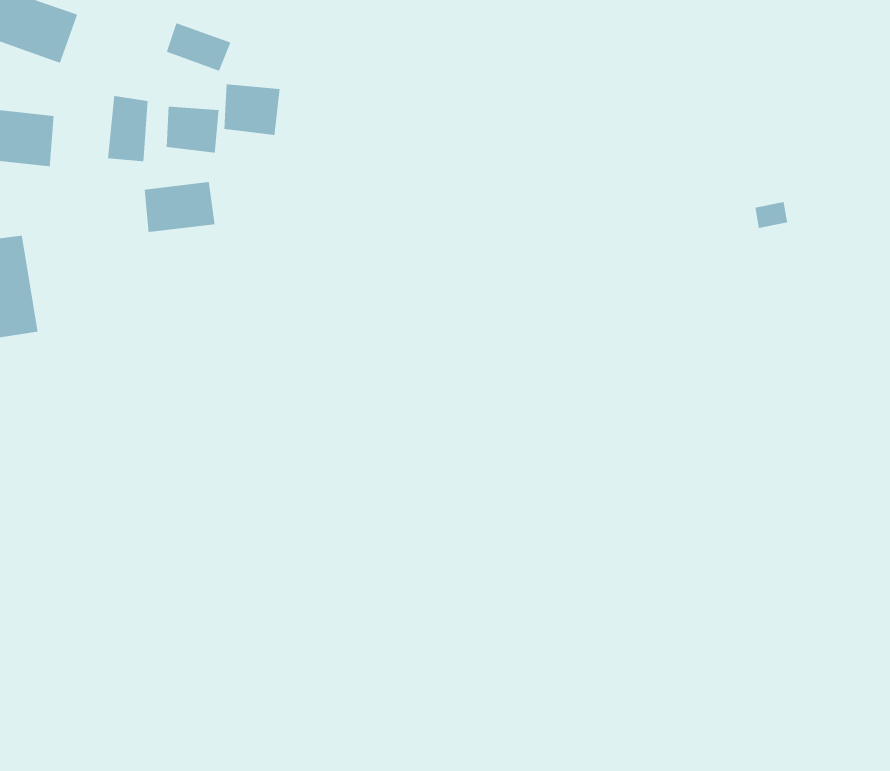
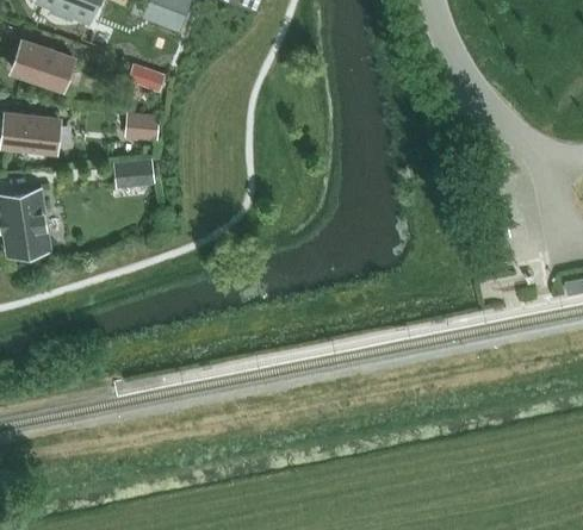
building: [224,83,280,136] -> none
building: [107,95,149,162] -> none

